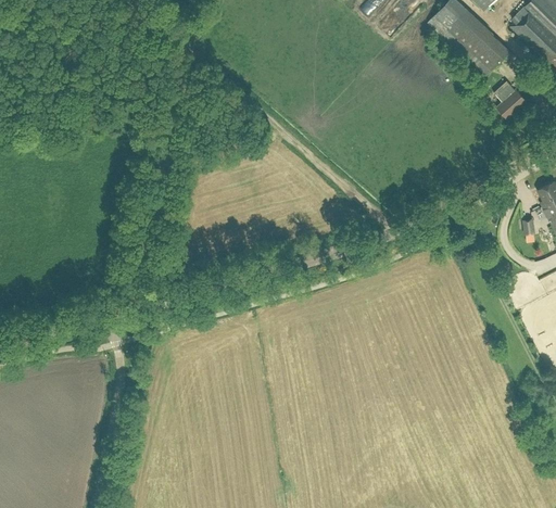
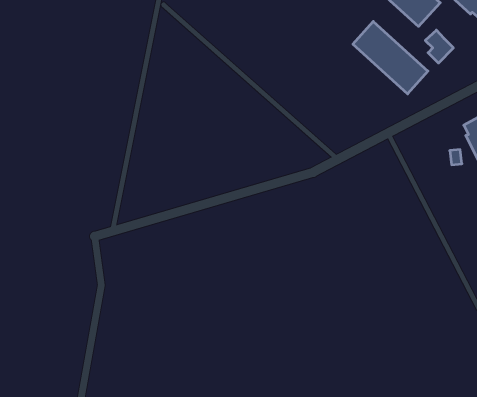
building: none -> [353,21,428,94]

